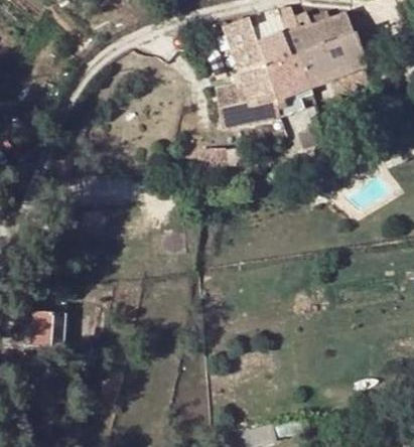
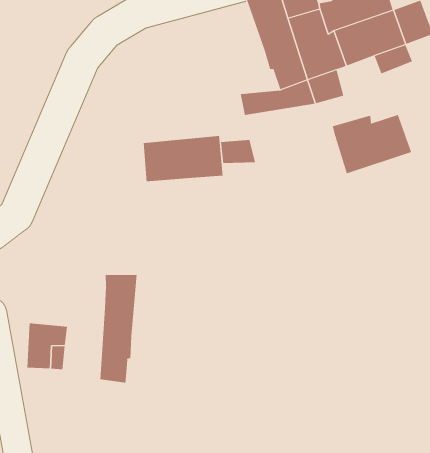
building: [213,69,252,108] -> none
building: none -> [332,114,412,174]
building: none -> [143,135,223,182]
building: none -> [100,274,137,383]

